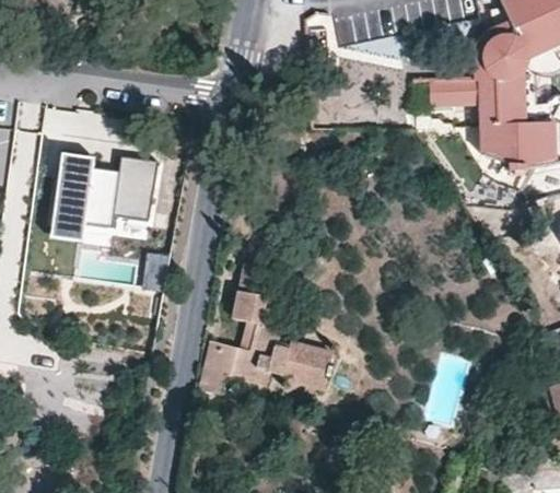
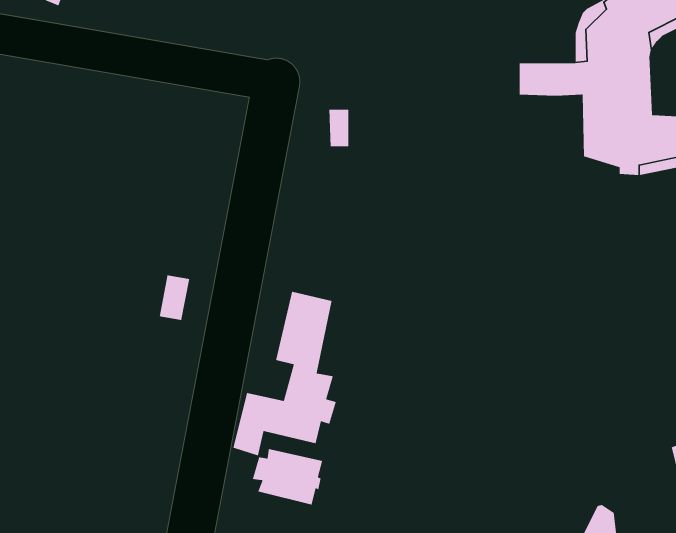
building: [48,160,155,239] -> none
building: [278,341,335,387] -> [252,448,323,506]

